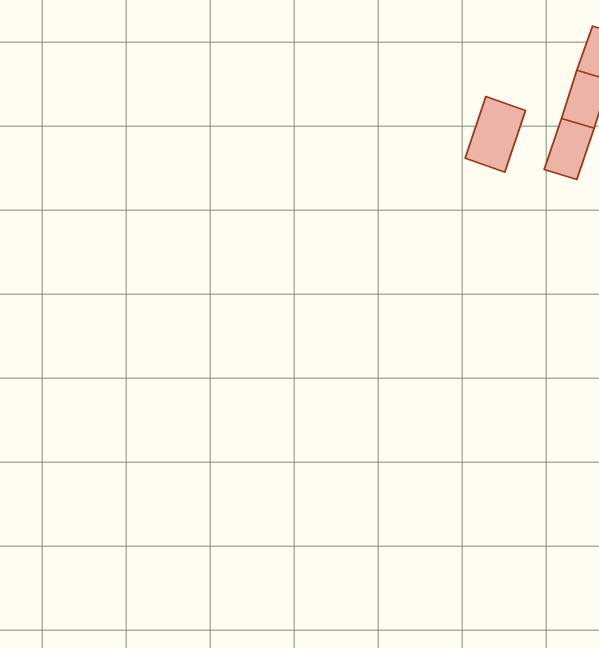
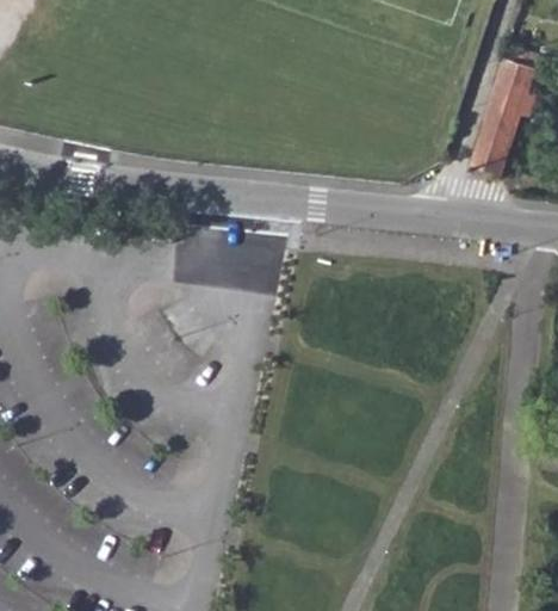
building: [465,96,526,172] -> none

